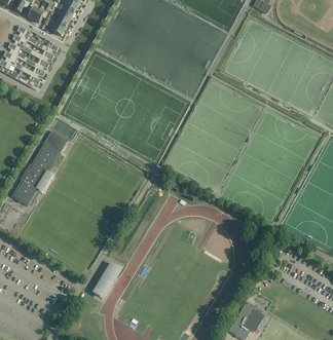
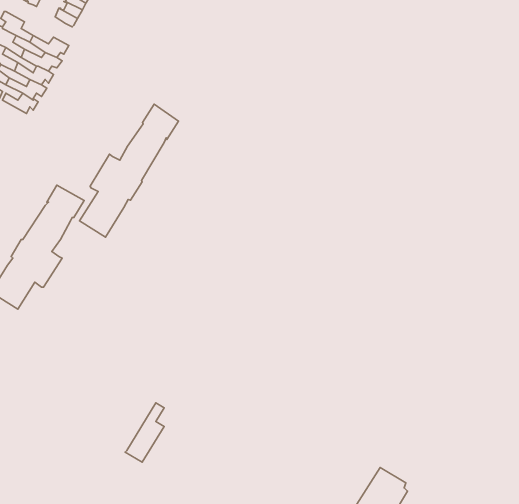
building: none -> [80,104,179,237]

